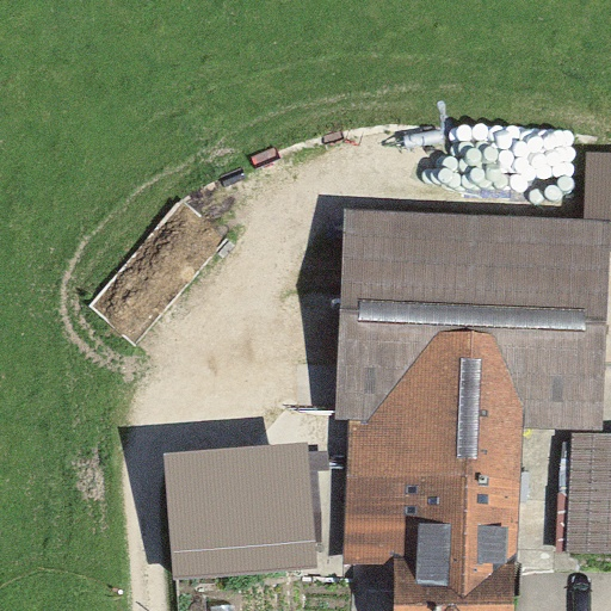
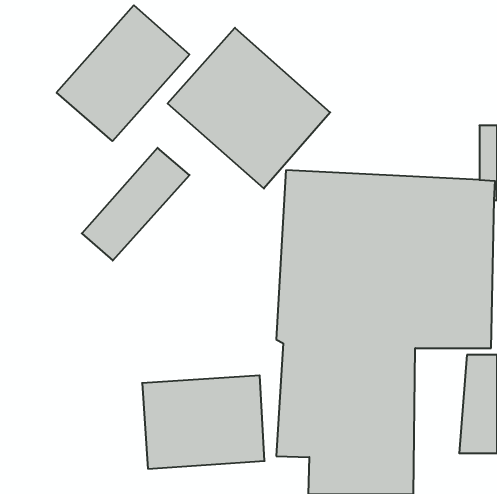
building: none -> [57,5,189,141]
building: none -> [168,28,330,189]

